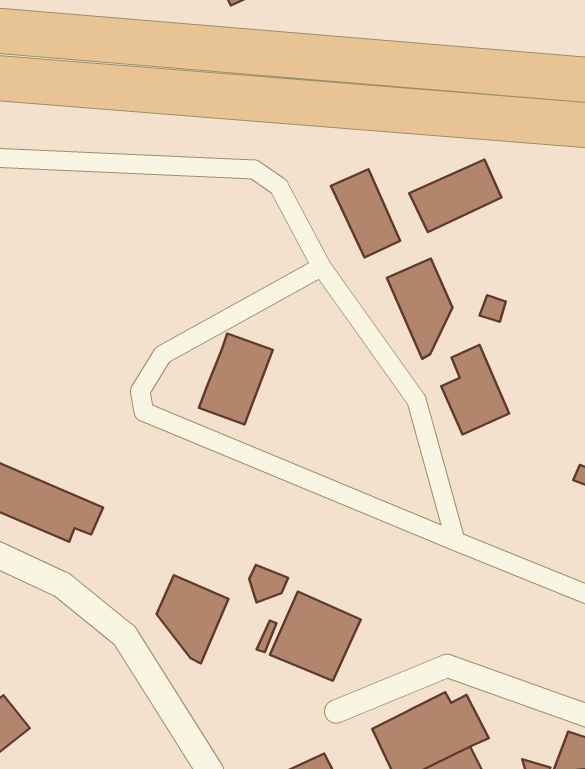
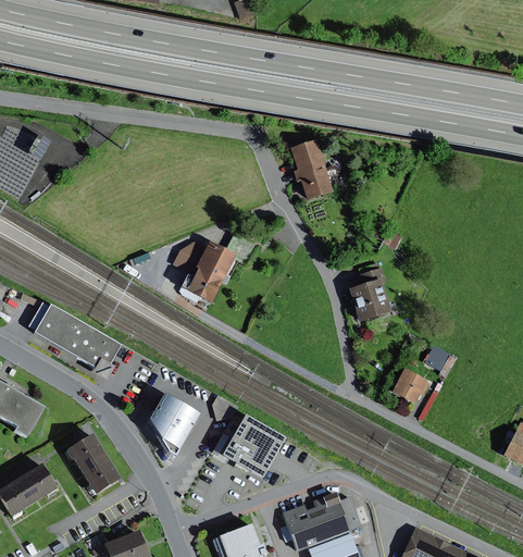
building: [409,159,502,232] -> none
building: [387,258,453,359] -> none
building: none -> [175,243,209,273]
building: none -> [397,369,432,401]
building: none -> [65,434,117,494]

